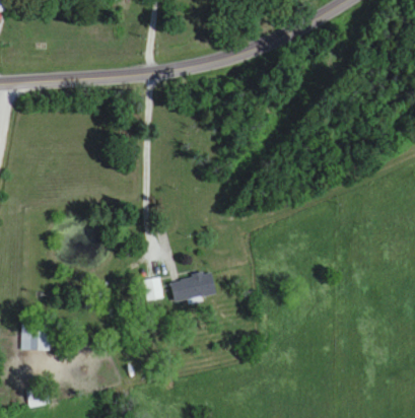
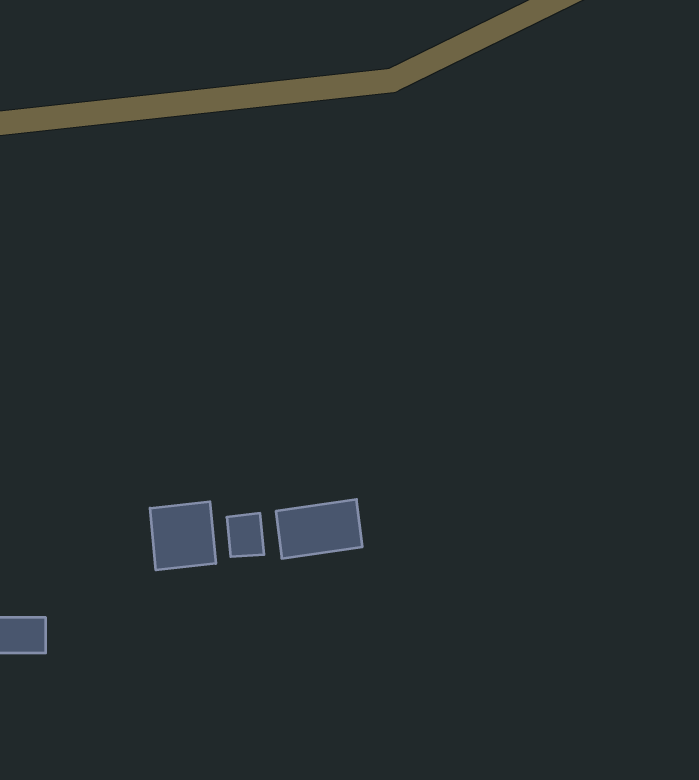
building: none -> [150,502,216,570]

